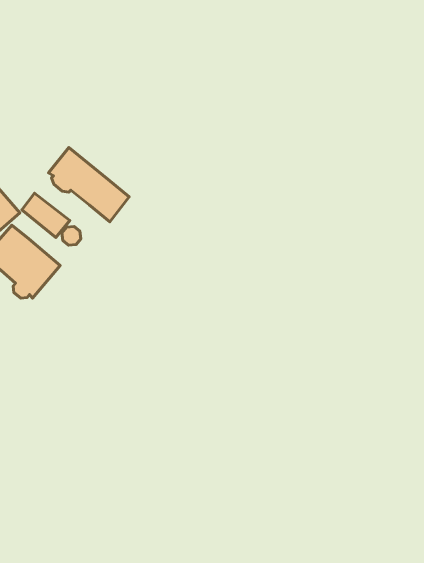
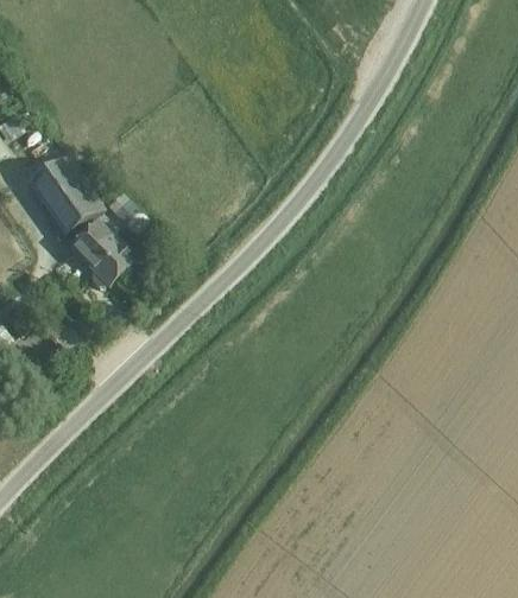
building: [49,148,129,222] -> none

